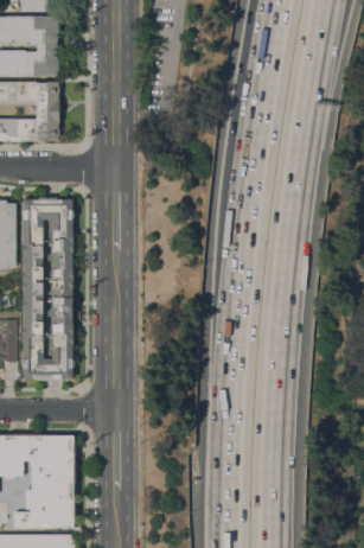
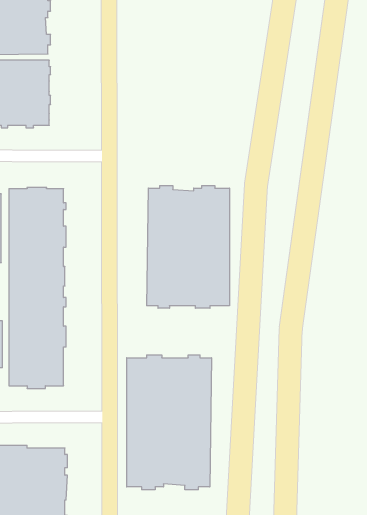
building: none -> [147,186,229,308]
building: none -> [127,355,211,490]

